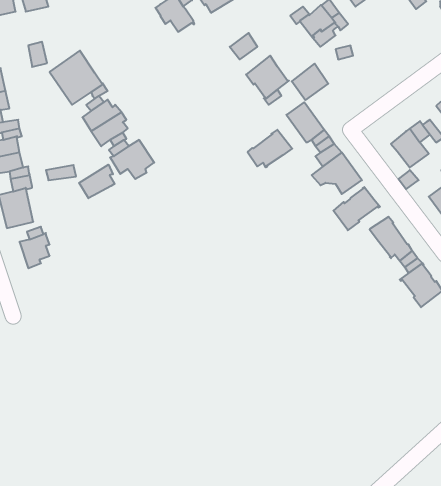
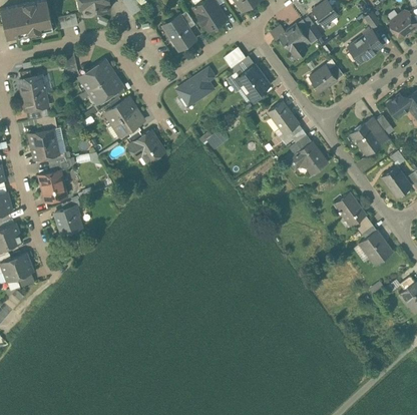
building: none -> [348,29,383,62]
building: none -> [176,68,213,106]
building: [292,64,328,100] -> [312,63,341,92]
building: [248,130,292,167] -> none
building: [79,165,115,198] -> none
building: [333,187,380,230] -> none

